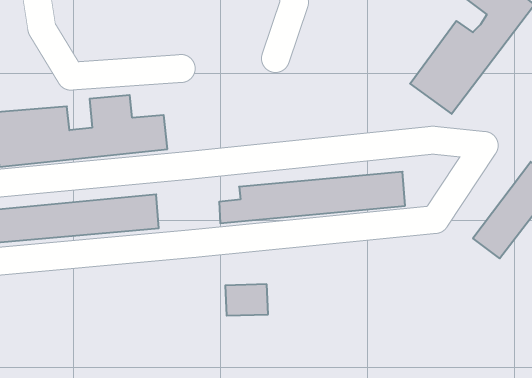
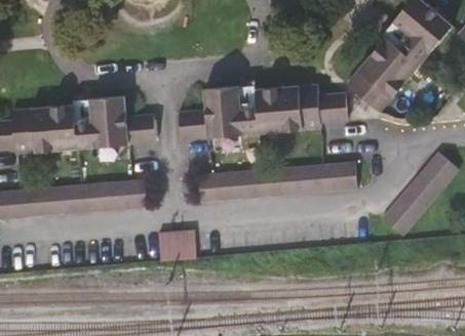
building: none -> [175,85,343,140]
building: [225,284,268,316] -> [155,225,190,251]

